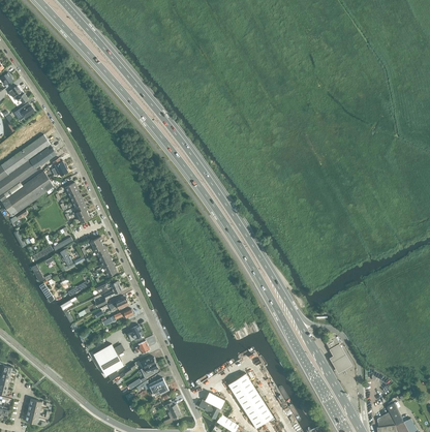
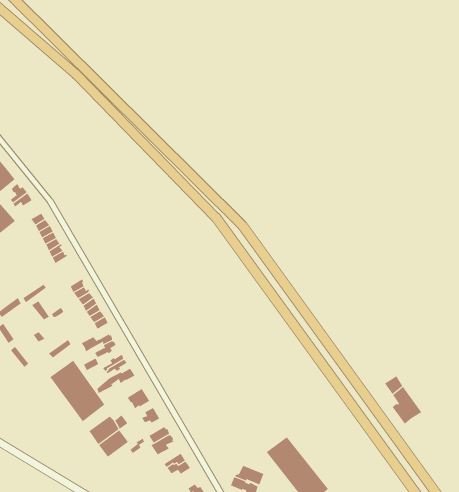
building: none -> [49,360,105,422]

